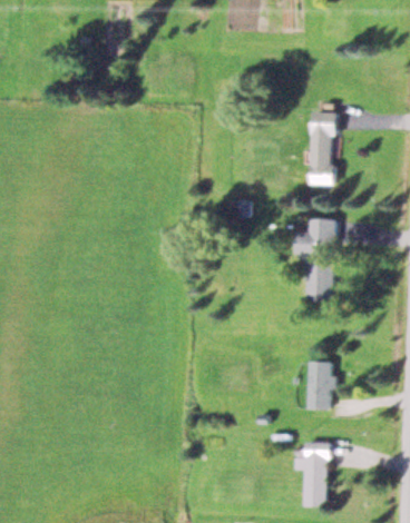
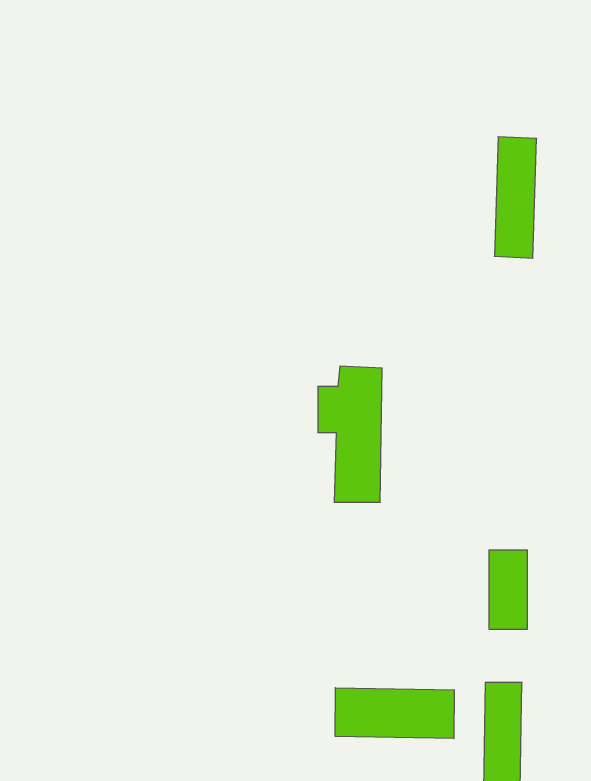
building: [295,218,334,300] -> [318,366,382,502]
building: none -> [335,688,454,739]

